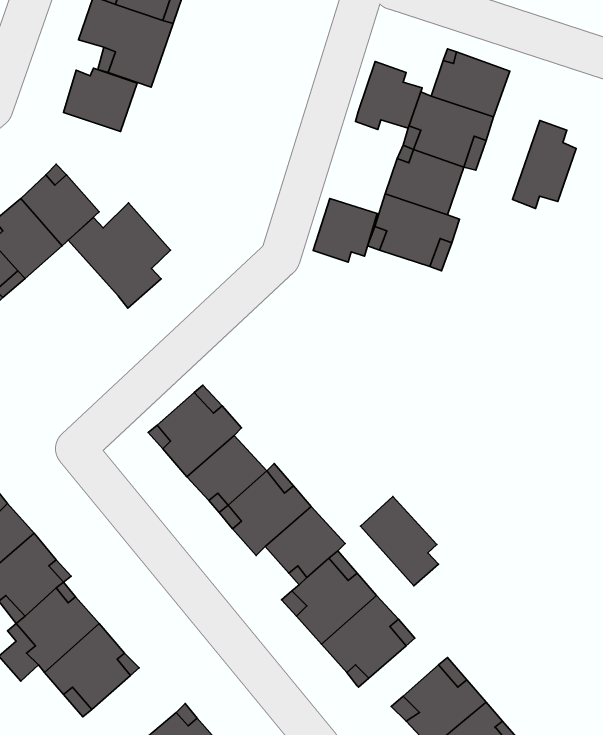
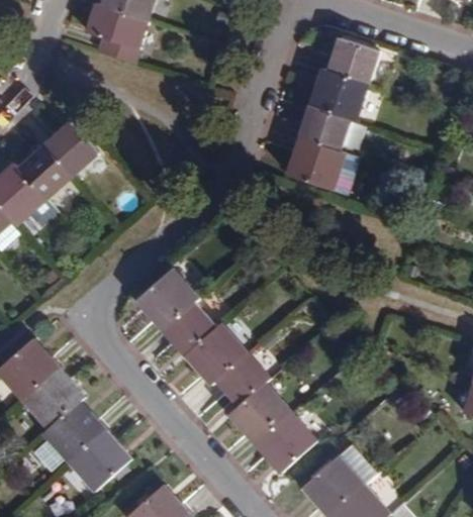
building: [355,61,422,130] -> none
building: [63,68,137,131] -> none
building: [512,121,576,209] -> none
building: [313,199,377,262] -> none
building: [68,203,170,308] -> none
building: [360,496,438,586] -> none

